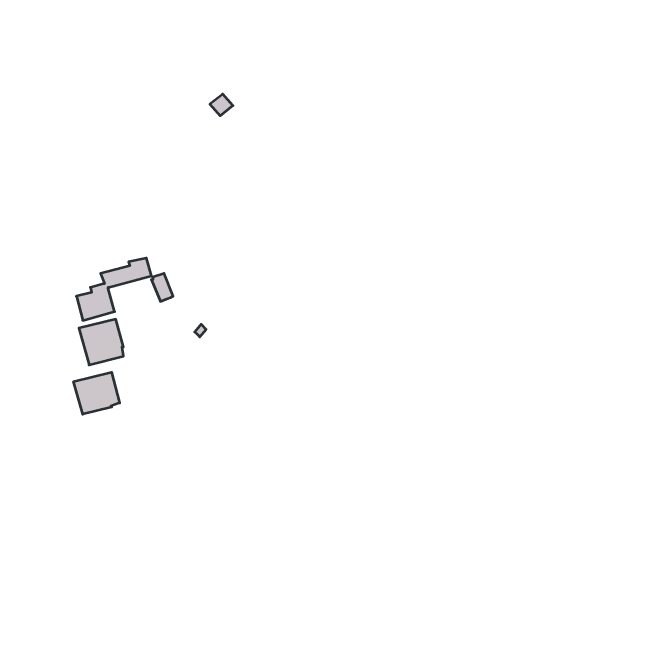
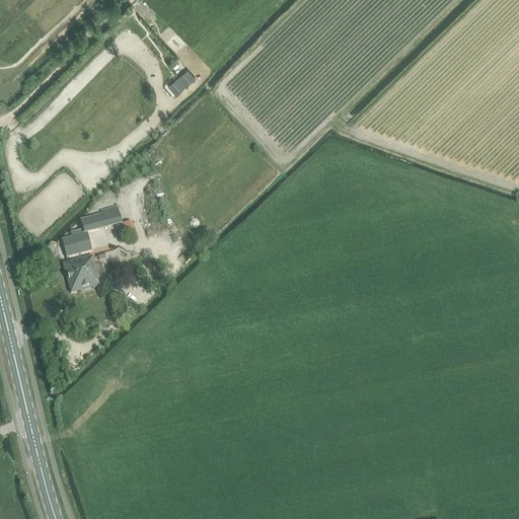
building: [74,372,120,414] -> none

